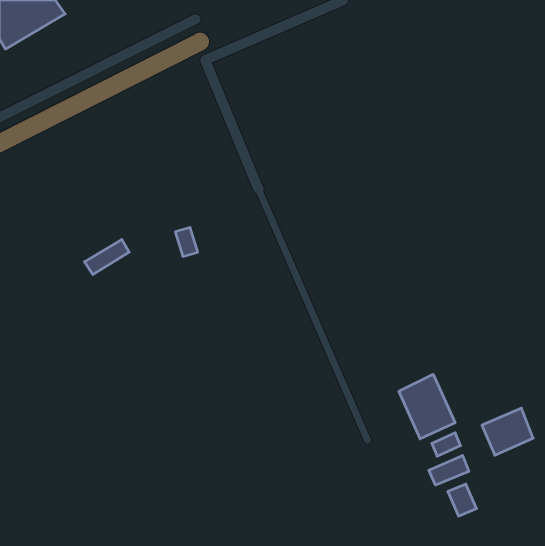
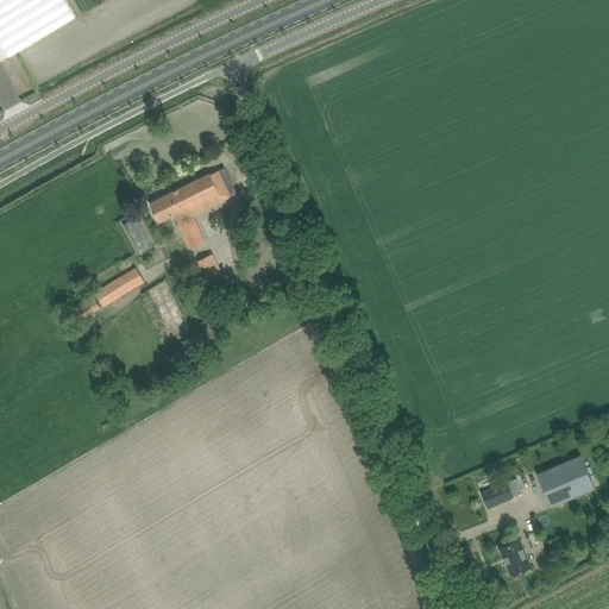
building: none -> [149,168,236,249]
building: [399,374,455,439] -> none
building: [429,455,469,485] -> none

